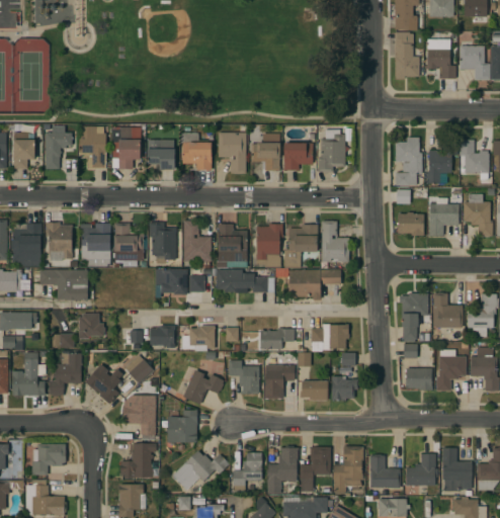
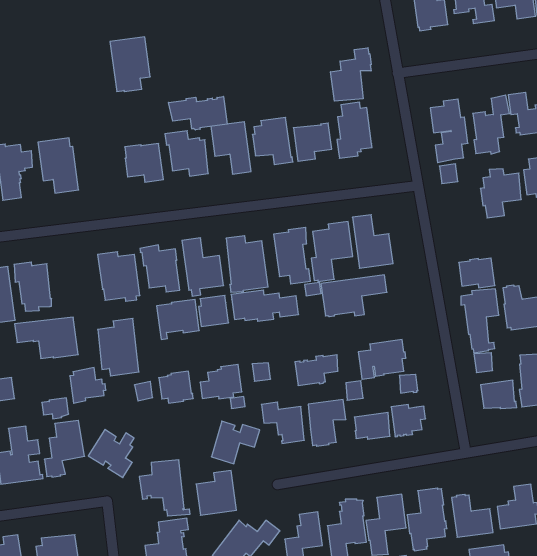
building: none -> [331,48,371,101]
building: none -> [169,96,227,130]
building: [111,127,140,169] -> [110,37,150,92]
building: [397,212,423,236] -> [459,258,495,288]
building: [80,223,110,266] -> [98,318,139,376]
building: [123,355,153,383] -> none

